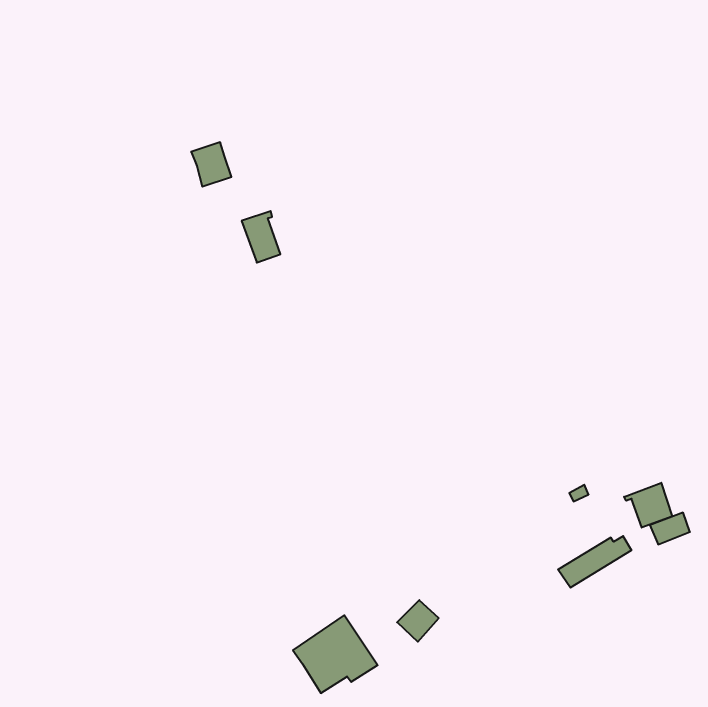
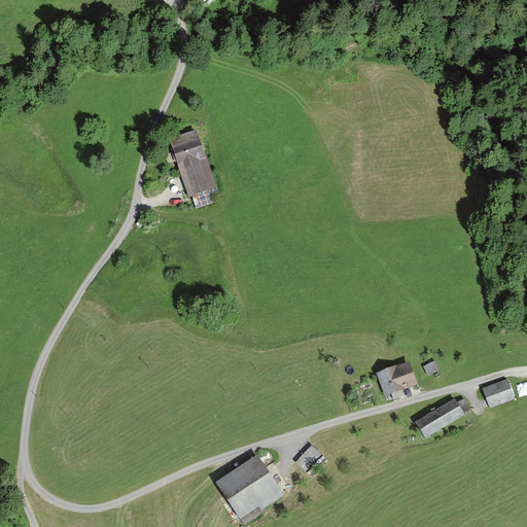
building: [191,142,231,187] -> [172,131,202,164]
building: [624,483,672,528] -> none
building: none -> [378,363,415,396]

